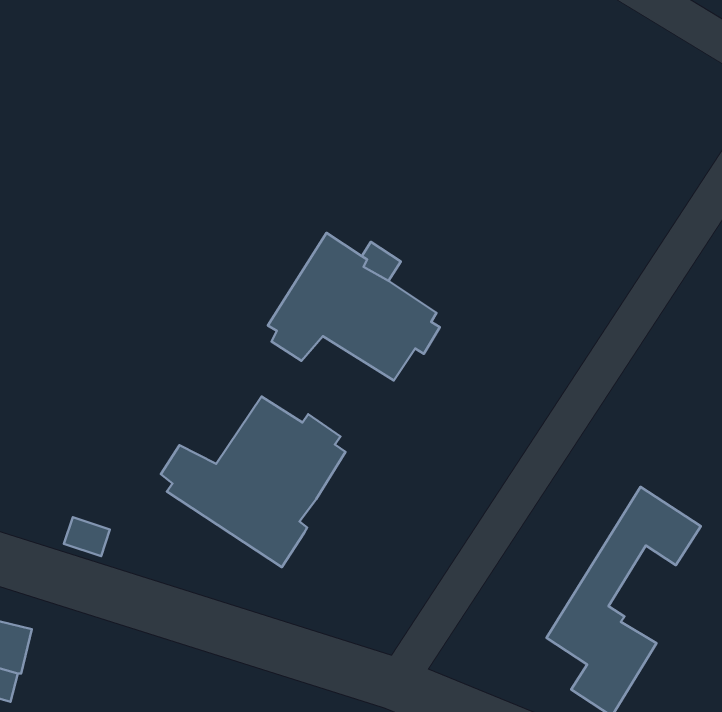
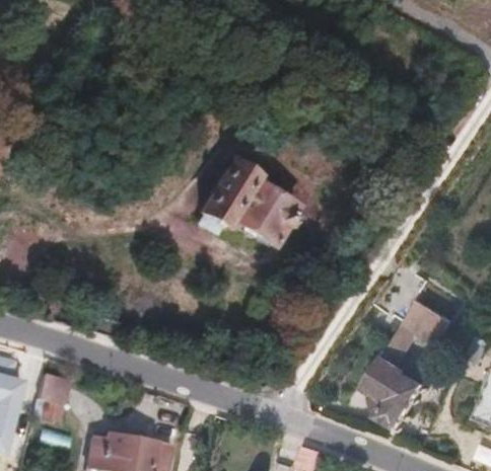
building: [161,397,345,567] -> none

